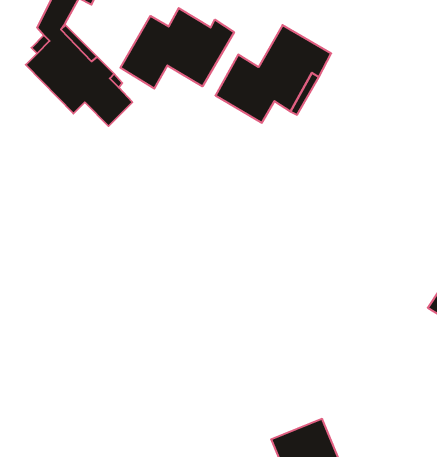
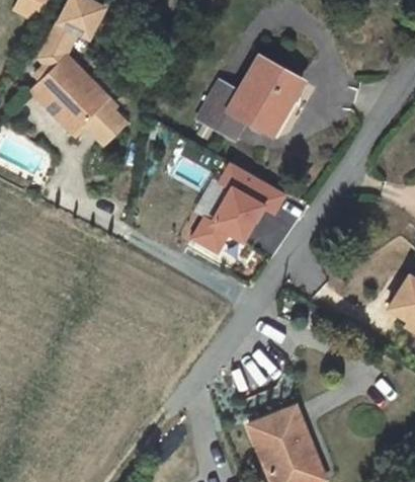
building: [120,8,234,89] -> none
building: none -> [183,159,286,254]

